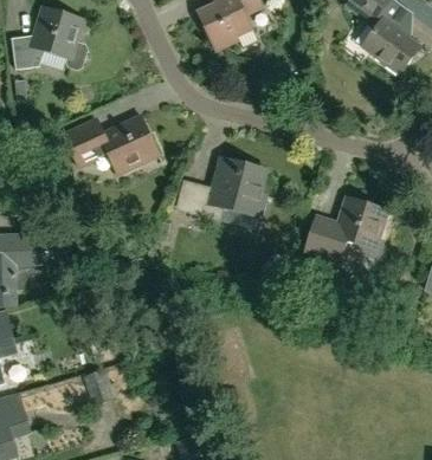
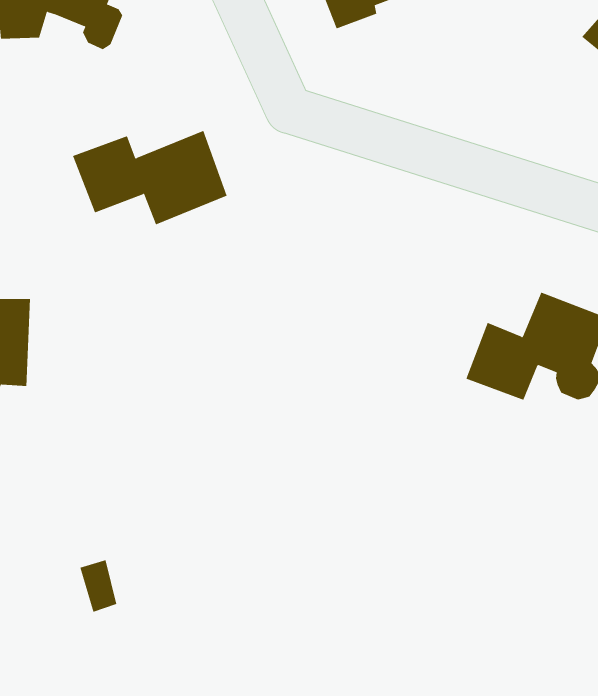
building: [175,158,265,221] -> none

